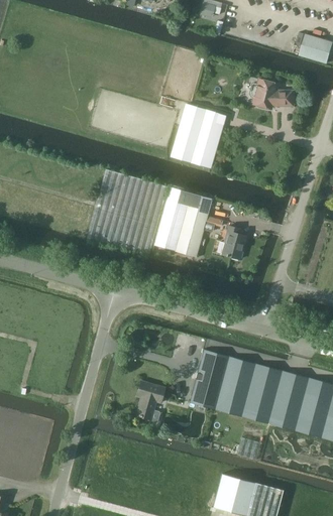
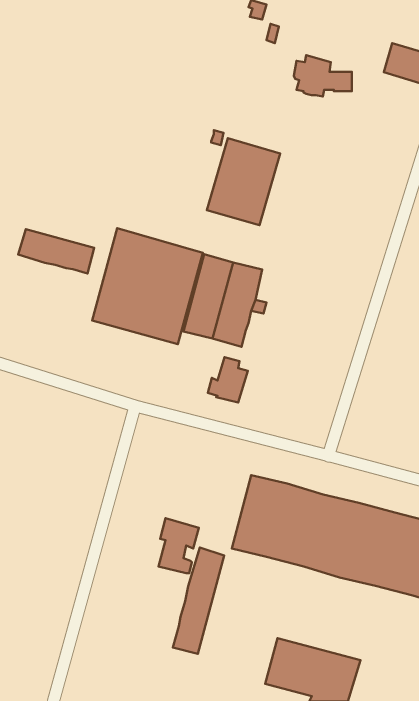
building: [249,79,292,109] -> [294,55,352,97]
building: none -> [18,229,94,274]
building: [216,226,245,259] -> [208,357,248,403]
building: none -> [173,548,224,654]

